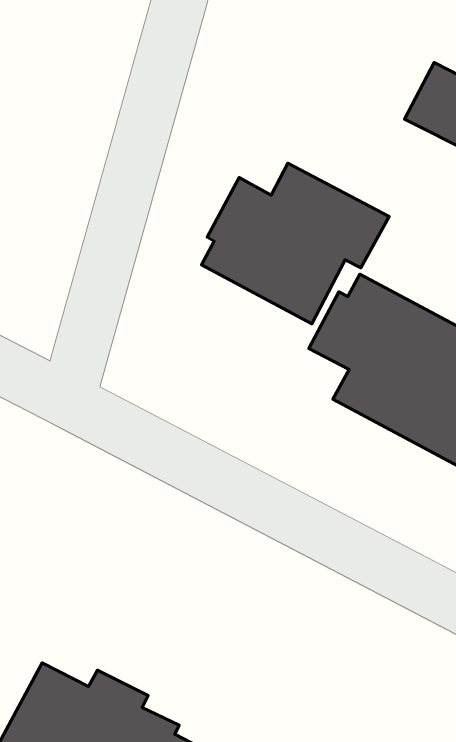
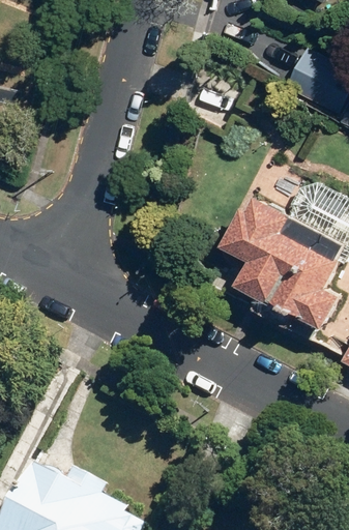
building: [201,163,389,324] -> none

